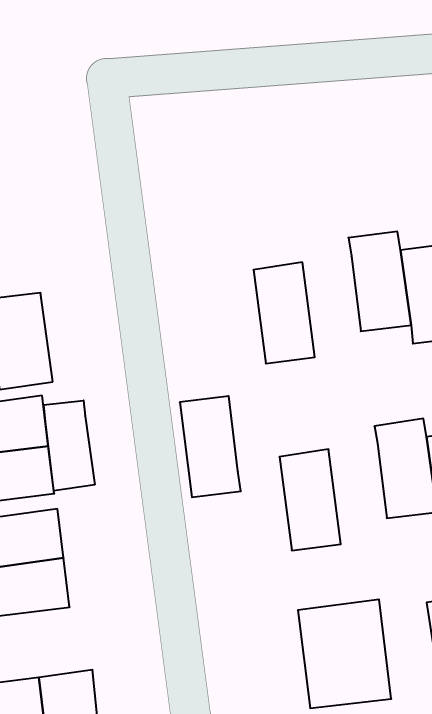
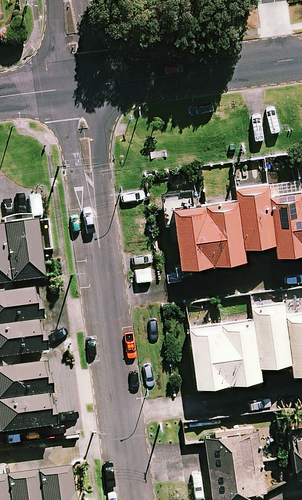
building: none -> [207,200,247,266]
building: [180,396,241,497] -> [224,322,264,388]
building: [44,400,95,491] -> none

